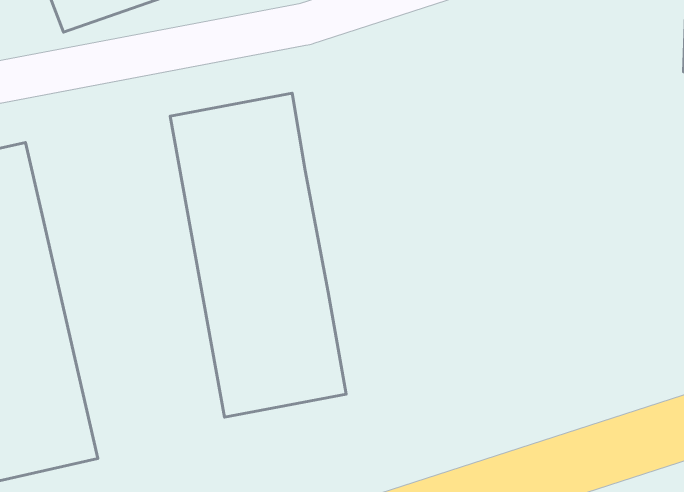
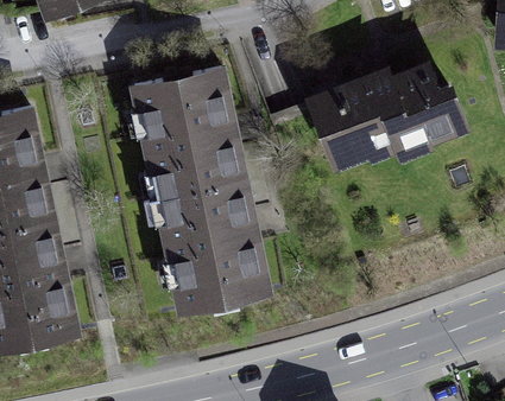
building: none -> [307,69,460,172]

